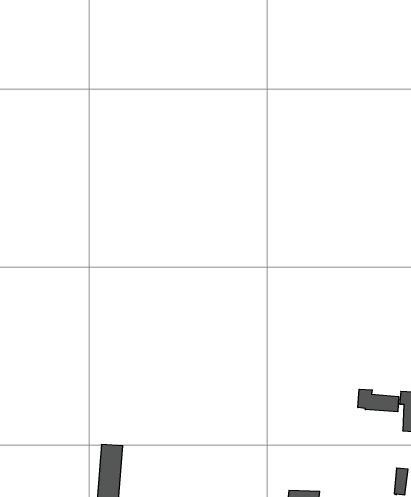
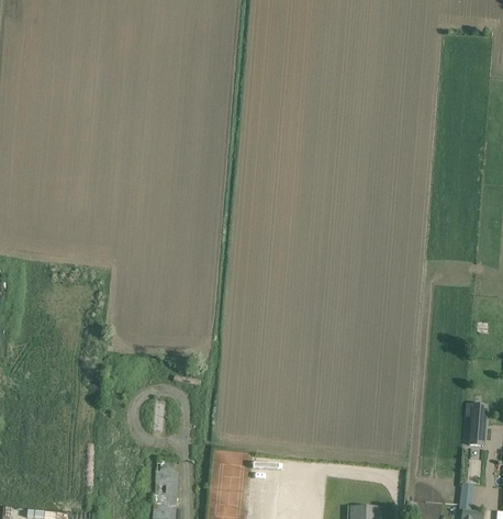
building: [358,389,399,412] -> none

